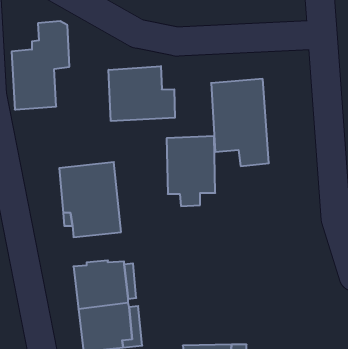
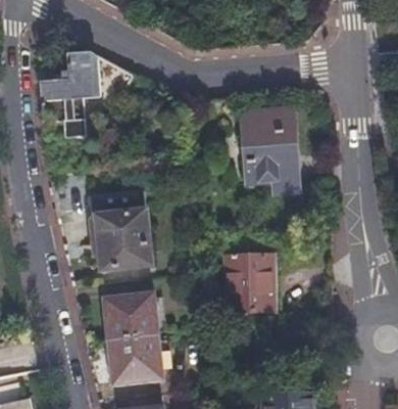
building: [109,66,175,121] -> none
building: [167,136,215,206] -> [225,253,273,323]

